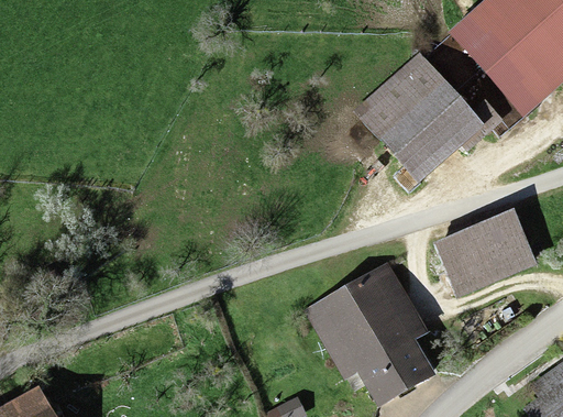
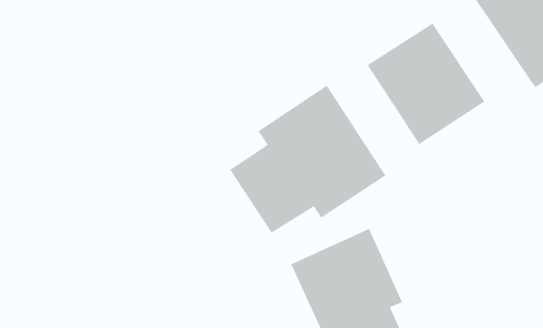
building: none -> [229,85,386,233]
building: [437,210,536,294] -> none

